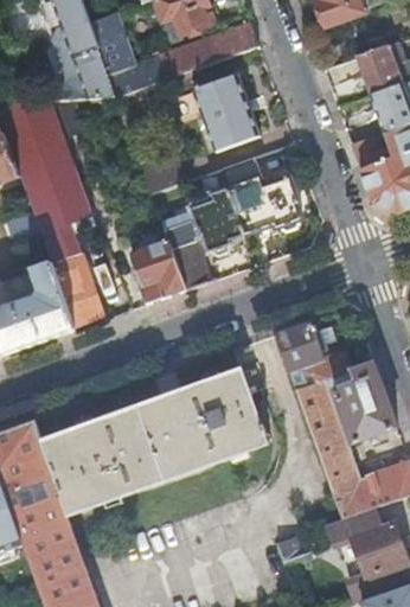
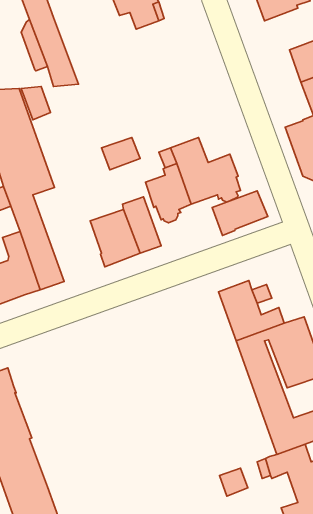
building: [88,12,257,96] -> none
building: [192,72,260,151] -> none
building: none -> [212,191,268,236]
building: [43,369,267,513] -> none

